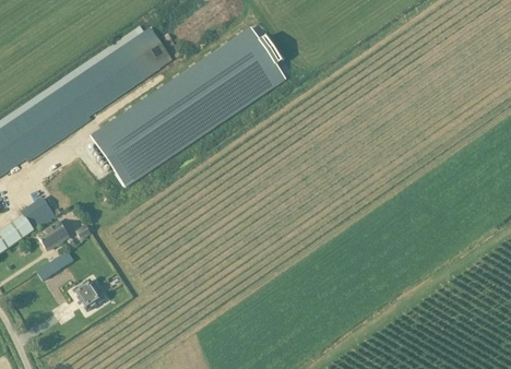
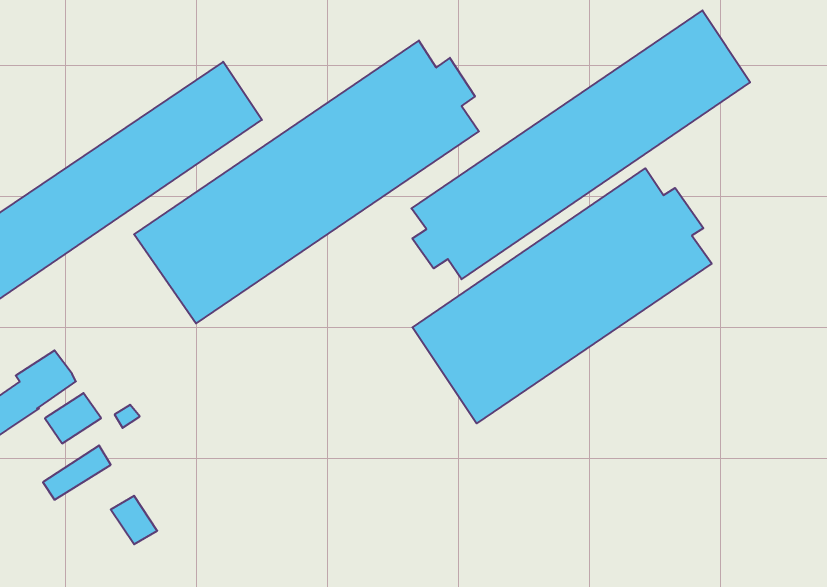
building: none -> [411,10,750,279]
building: none -> [412,168,712,423]

